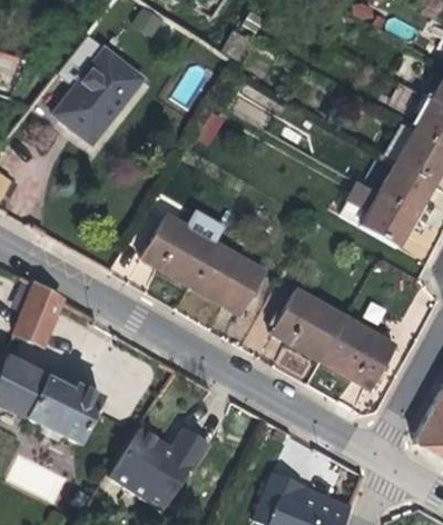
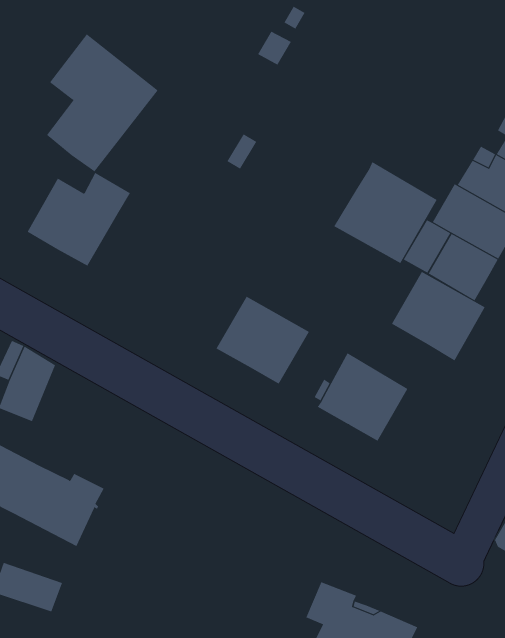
building: none -> [334,161,438,264]
building: [141,209,225,285] -> [27,172,131,267]
building: [321,317,396,389] -> [391,271,485,361]
building: [108,426,211,511] -> none

